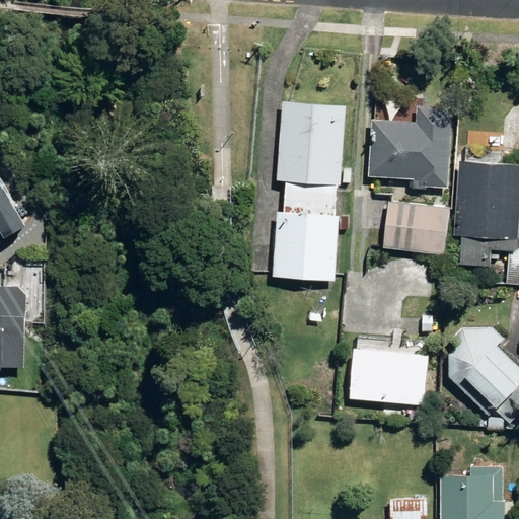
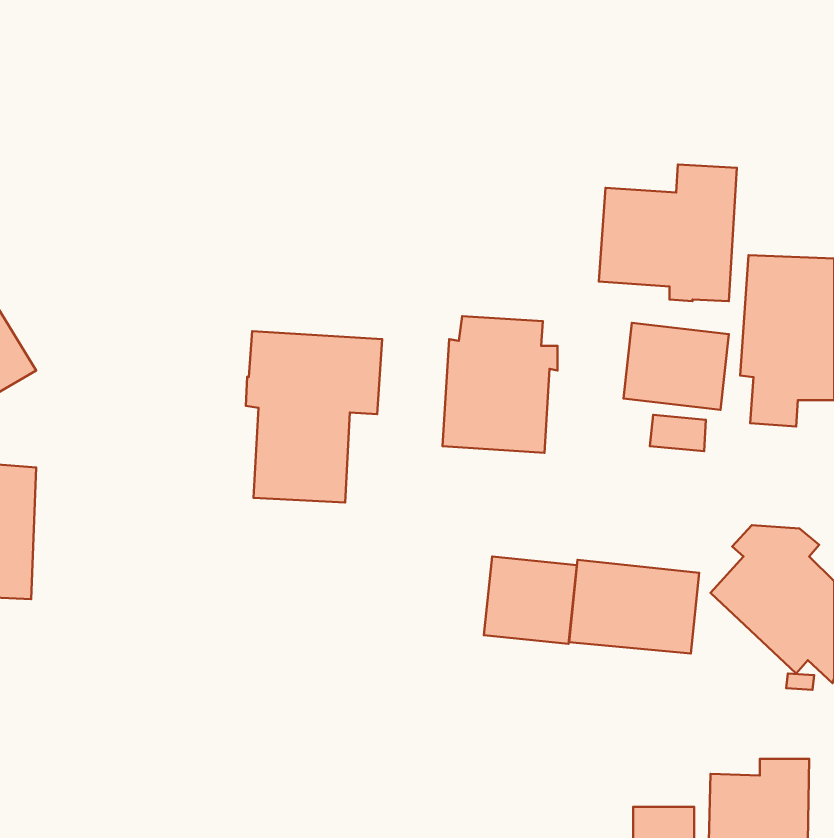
building: [277,99,348,200] -> none
building: none -> [246,331,382,502]
building: none -> [484,557,577,644]

